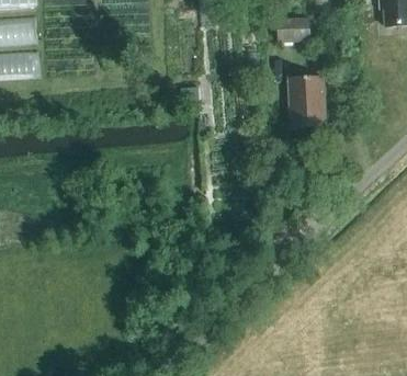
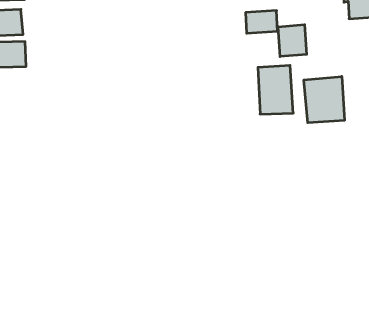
building: none -> [278,25,307,57]
building: none -> [304,76,344,123]

